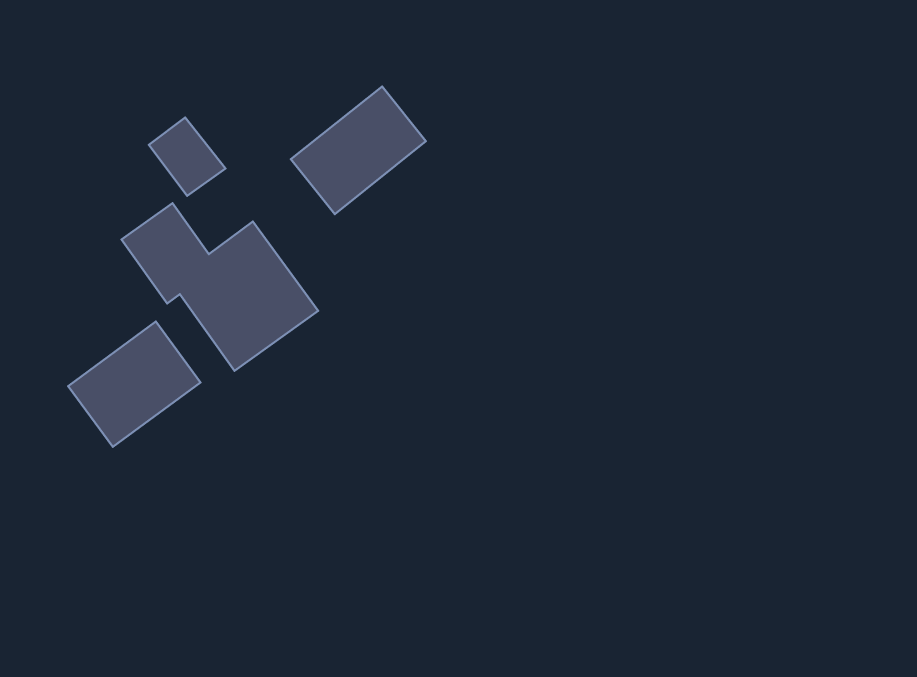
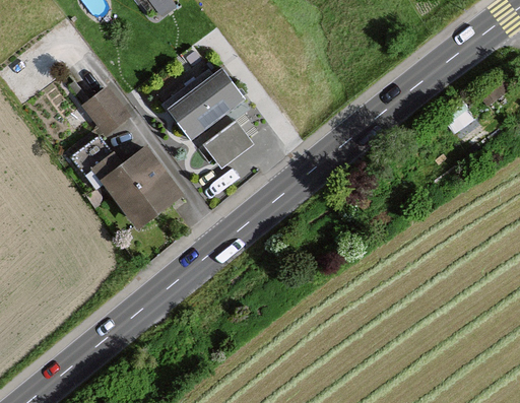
building: none -> [204,122,252,166]
building: [68,322,200,447] -> none

